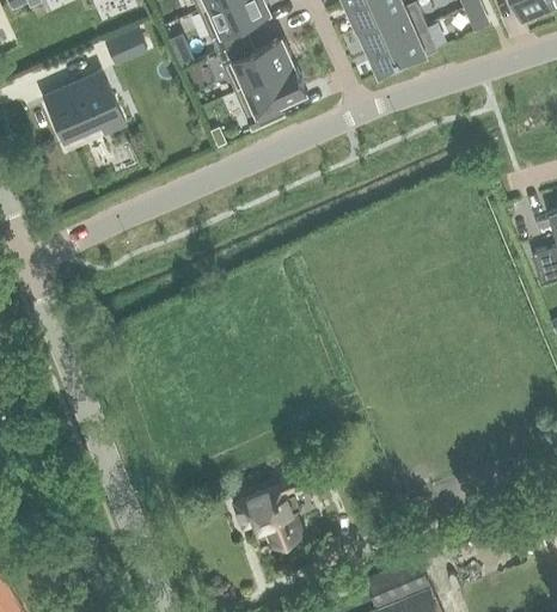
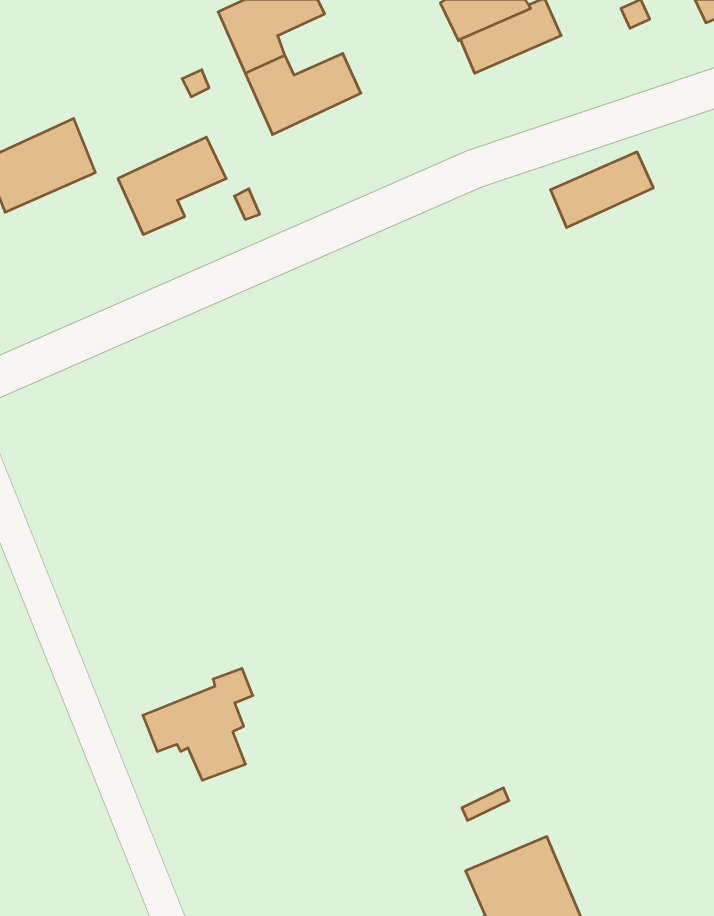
building: [371,25,439,75] -> [550,152,653,228]
building: [105,27,147,63] -> none
building: [237,63,308,128] -> [118,137,226,234]
building: [234,470,307,544] -> [143,668,253,780]

